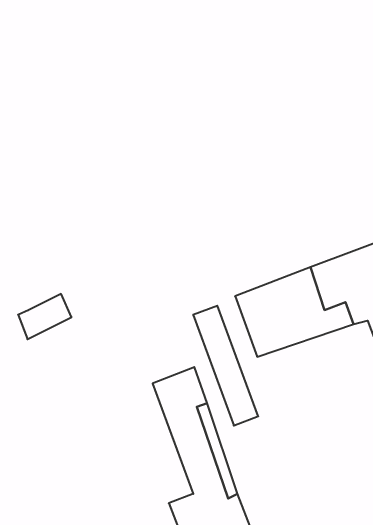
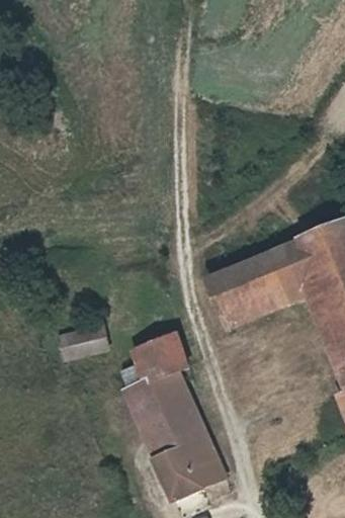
building: [18,294,72,339] -> [56,319,102,358]
building: [193,306,258,426] -> [114,348,171,452]

